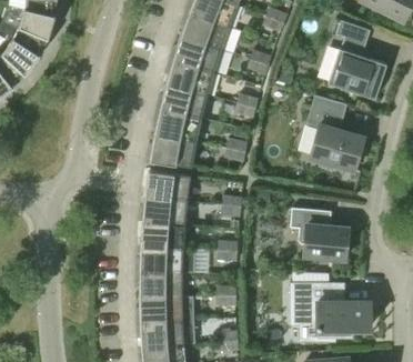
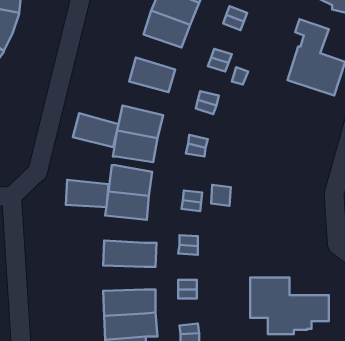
building: [173,37,220,72] -> none
building: [160,84,206,119] -> [73,113,119,147]
building: [308,97,365,171] -> none
building: [290,209,350,260] -> none
building: [141,221,184,249] -> [66,180,109,207]
building: [140,272,182,298] -> none

